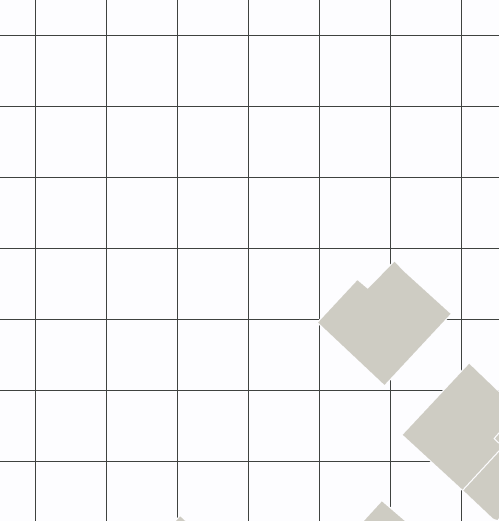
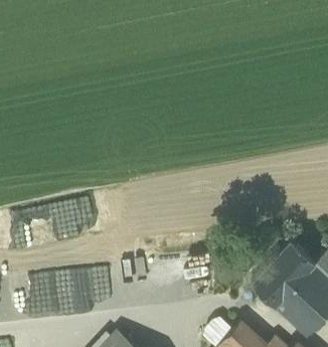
building: [317,261,451,386] -> none

